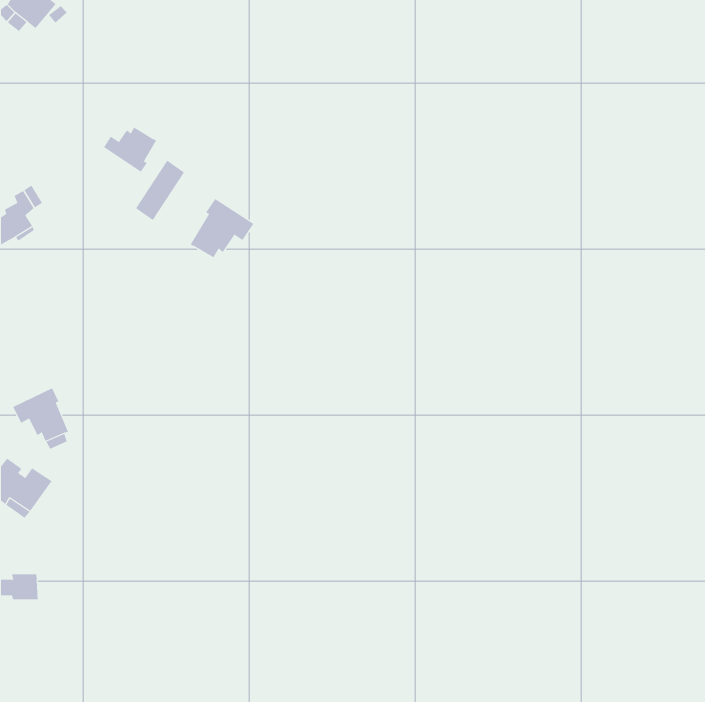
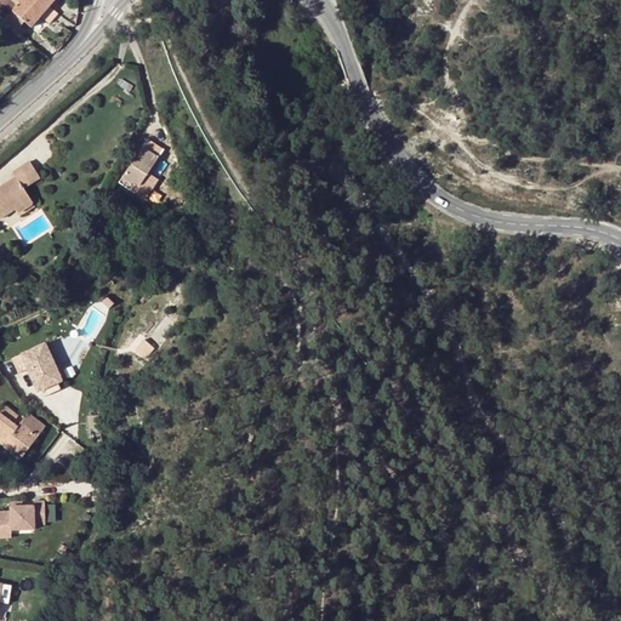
building: [103,126,157,172] -> none
building: [190,198,254,259] -> none

